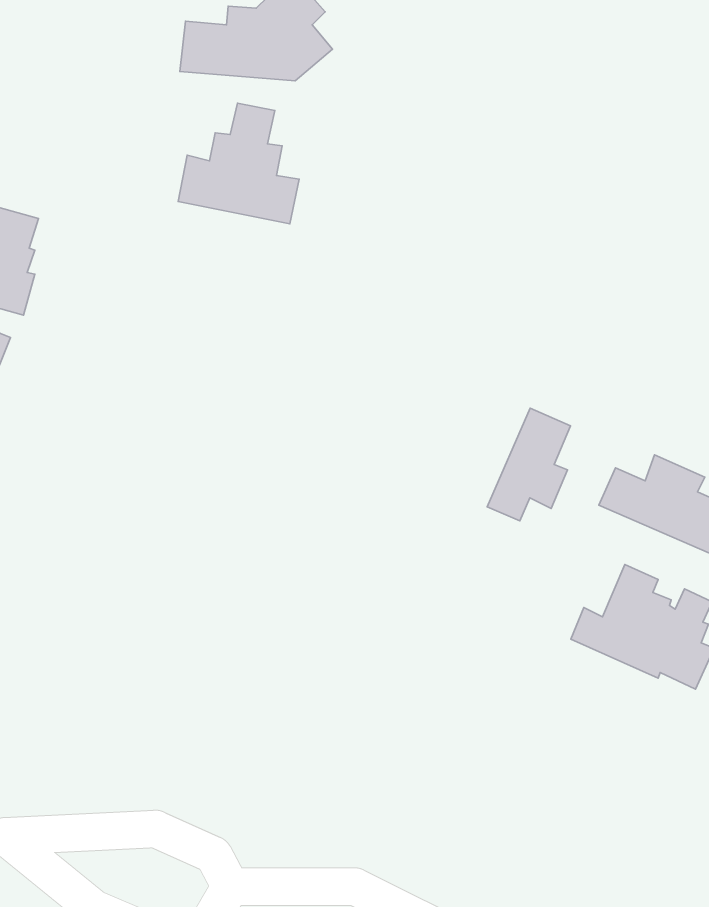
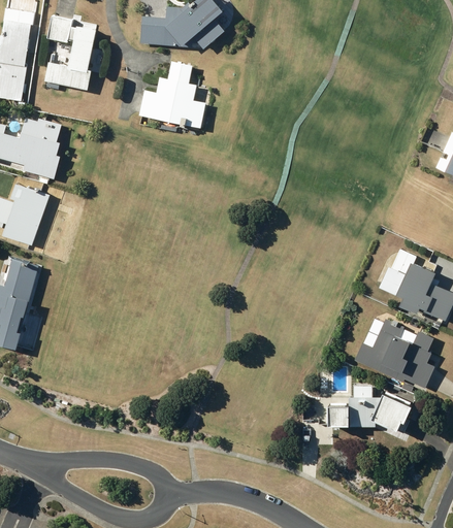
building: none -> [45,18,96,91]
building: [487,408,571,521] -> none
building: none -> [327,386,411,435]

